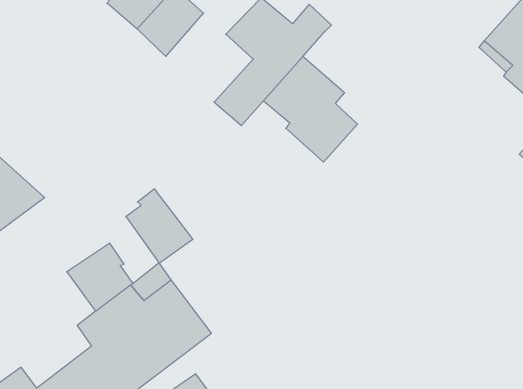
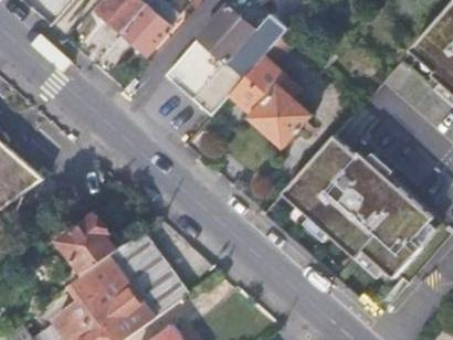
building: none -> [165,39,220,96]
building: none -> [283,137,433,279]
building: [126,189,193,263] -> none

